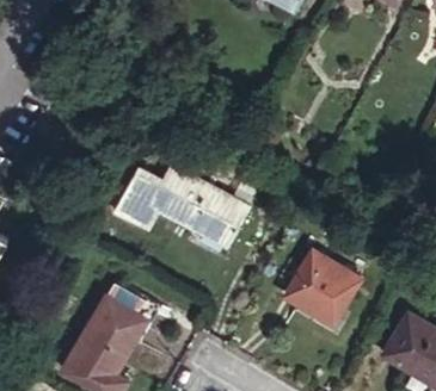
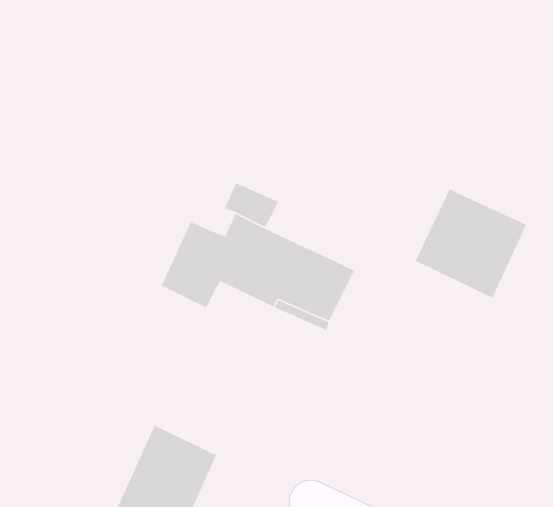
building: [283,248,360,323] -> [415,189,527,299]

